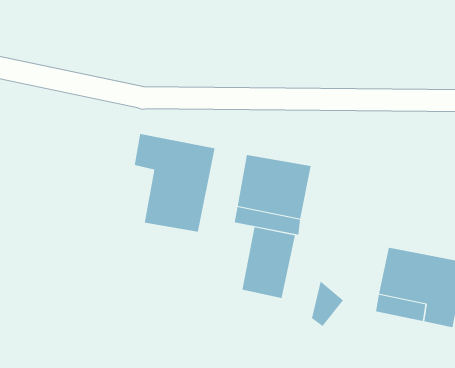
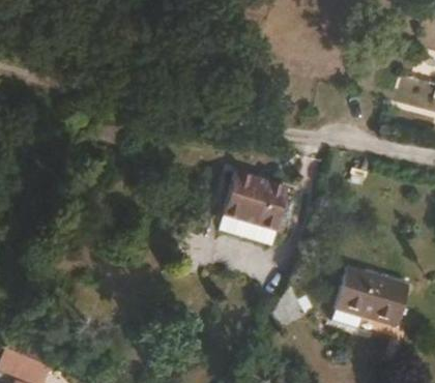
building: [134,133,215,233] -> none
building: [242,227,295,299] -> none

